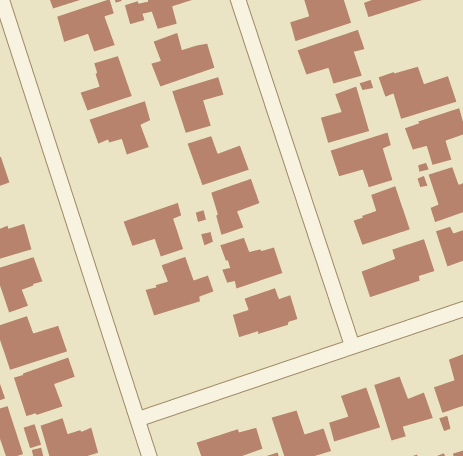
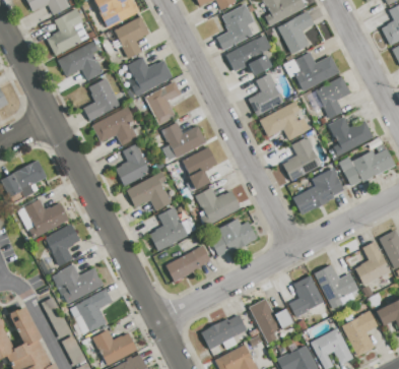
building: none -> [278,11,315,53]
building: none -> [116,143,150,186]
building: none -> [165,245,210,281]

